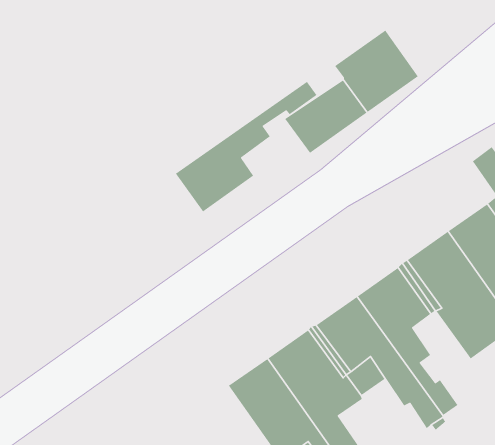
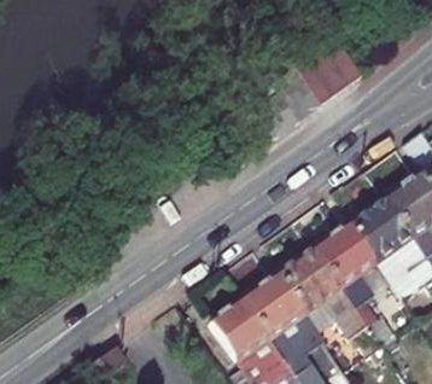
building: [175,81,317,212] -> none

